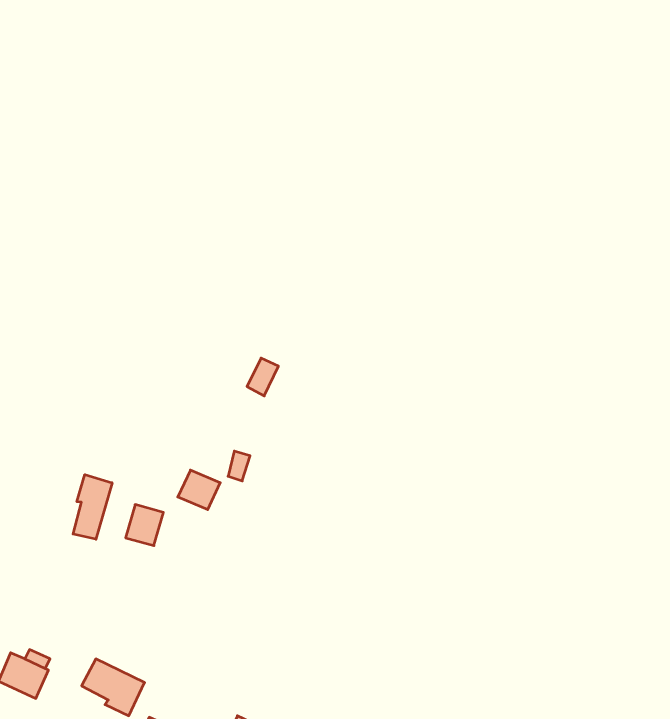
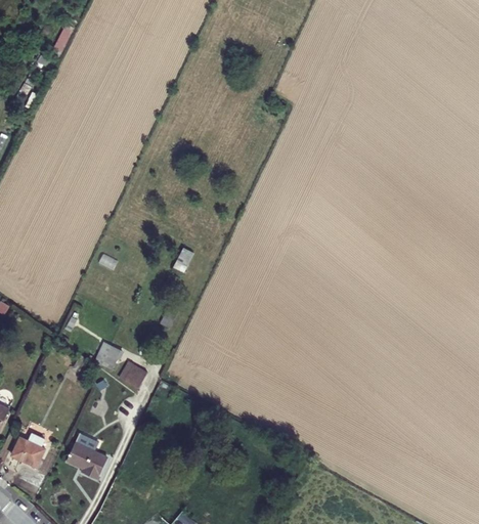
building: [178,470,220,510] -> [119,361,146,387]
building: [73,475,112,539] -> none

